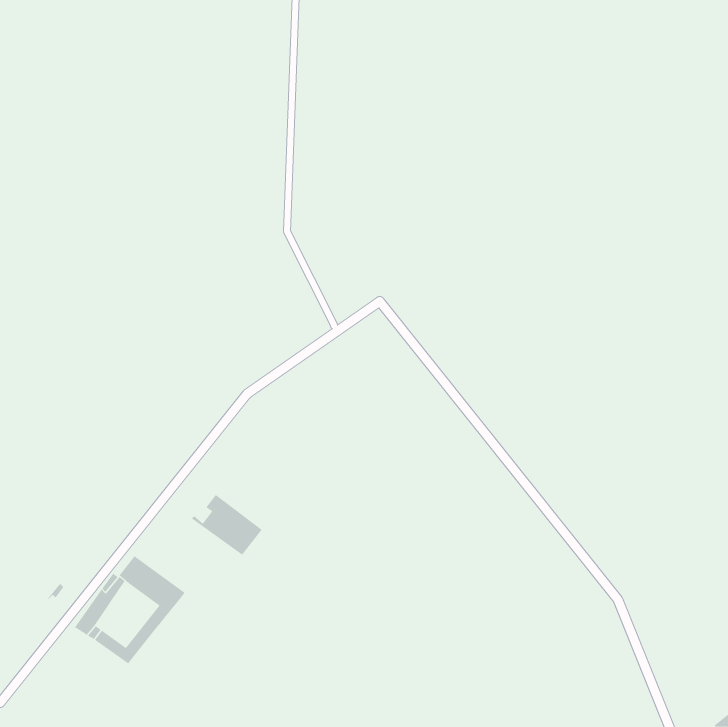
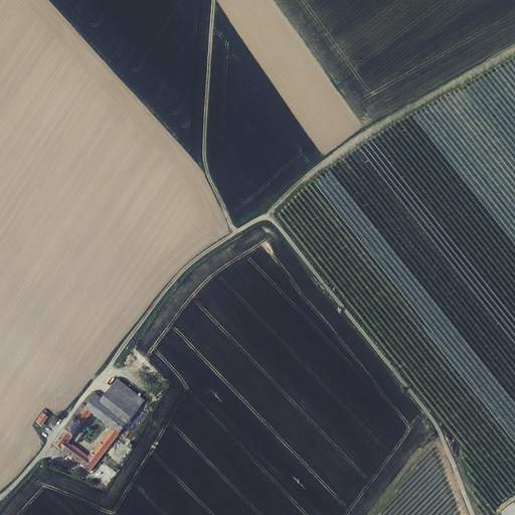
building: [191,494,263,556] -> [96,374,146,417]

